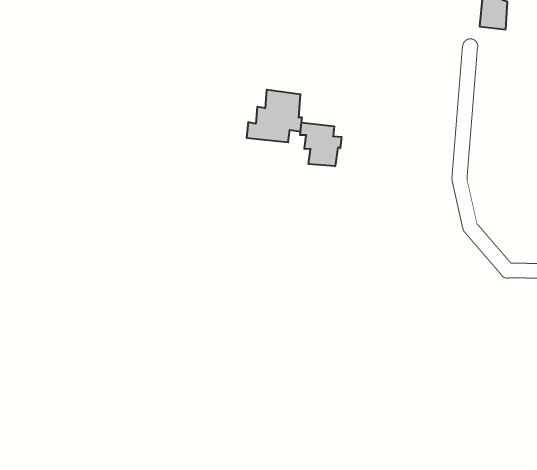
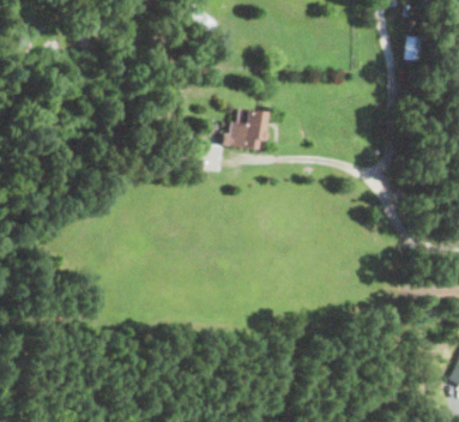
building: [300,123,342,166] -> none

